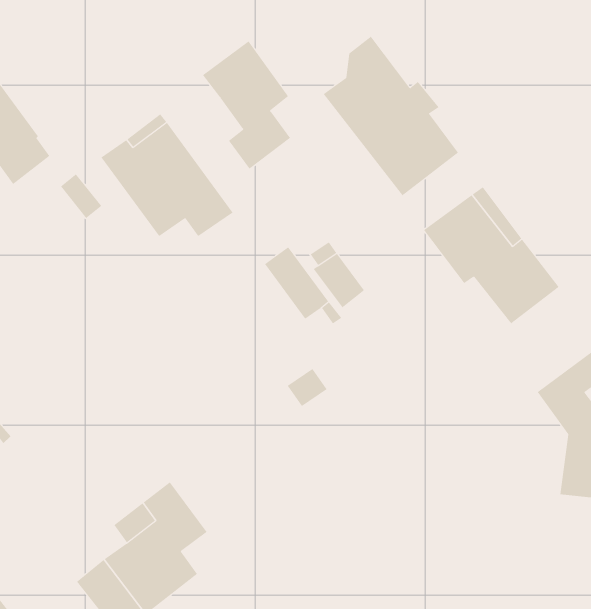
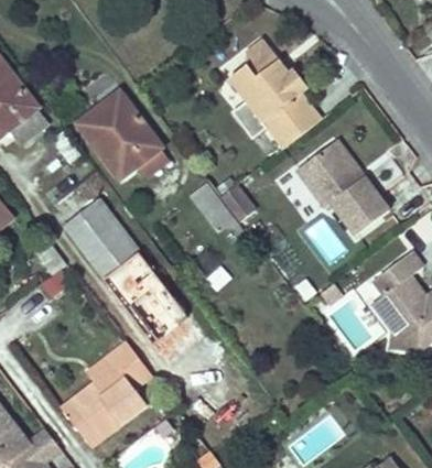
building: [202,41,291,170] -> none
building: none -> [63,198,187,344]

